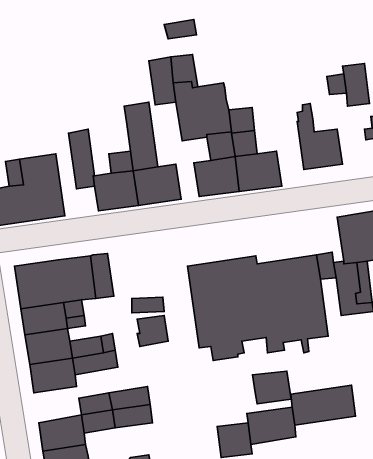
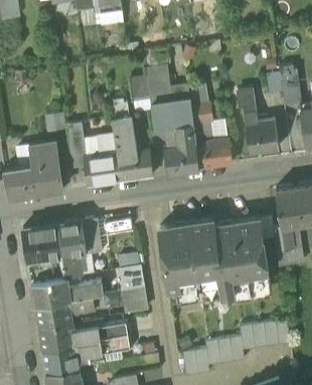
building: none -> [122,286,147,313]
building: [253,371,291,404] -> none
building: none -> [39,322,76,350]

